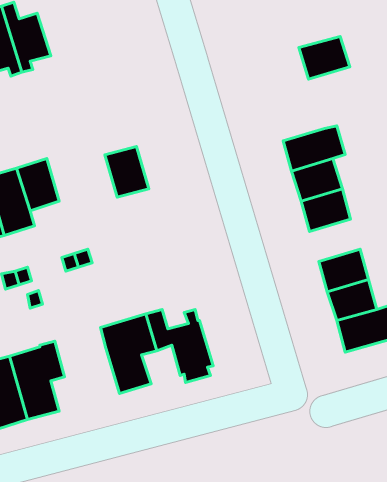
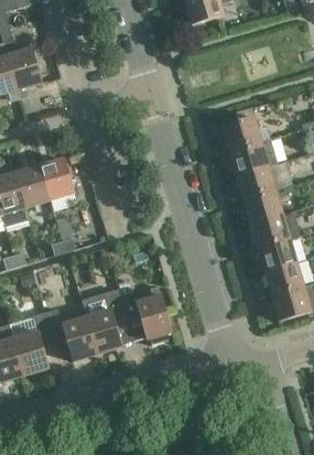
building: [299,36,350,79] -> [220,116,261,150]
building: [105,146,149,197] -> [39,158,74,198]
building: none -> [249,210,299,247]
building: none -> [45,307,97,359]

